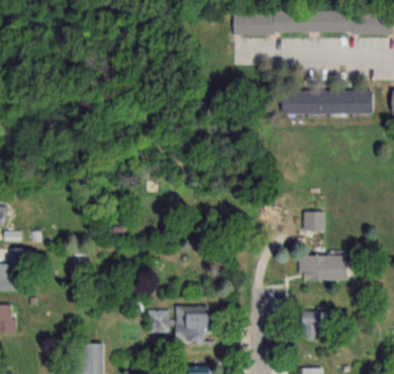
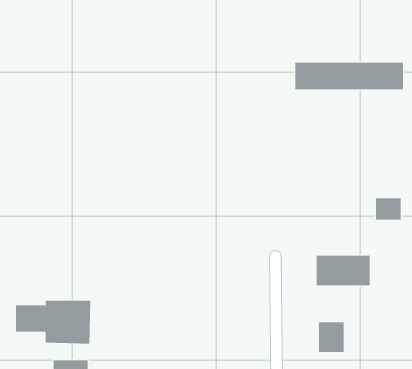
building: [303,211,325,230] -> [375,198,401,220]
building: [147,306,212,344] -> [15,300,91,344]

